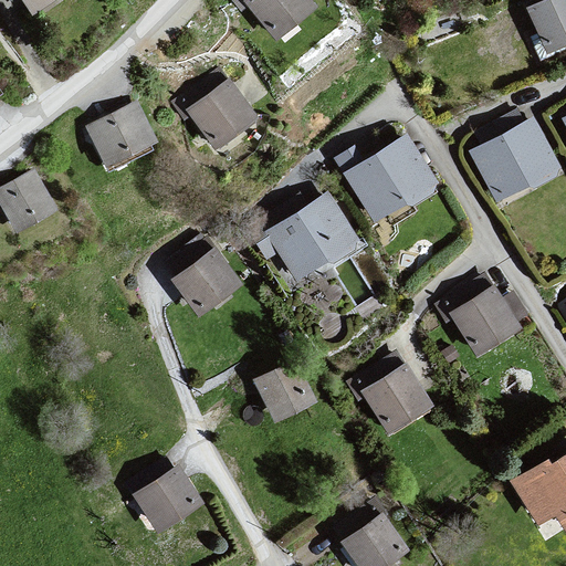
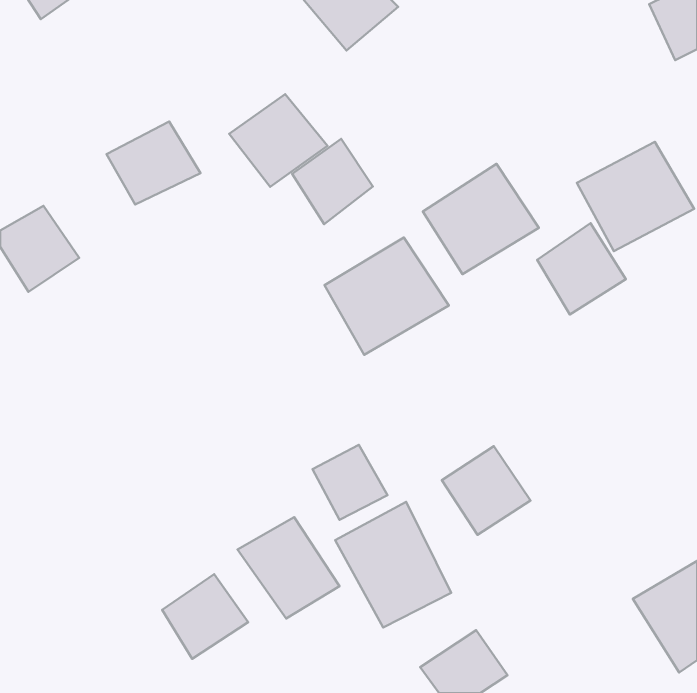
building: none -> [292,139,373,224]
building: [175,247,240,310] -> none
building: [448,282,520,356] -> [537,223,626,315]
building: none -> [335,502,451,627]
building: none -> [237,517,340,619]

